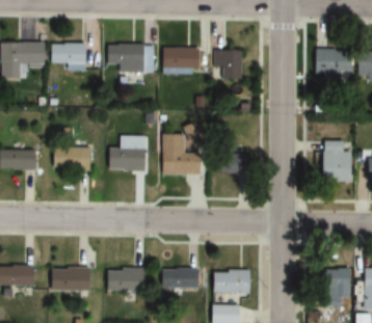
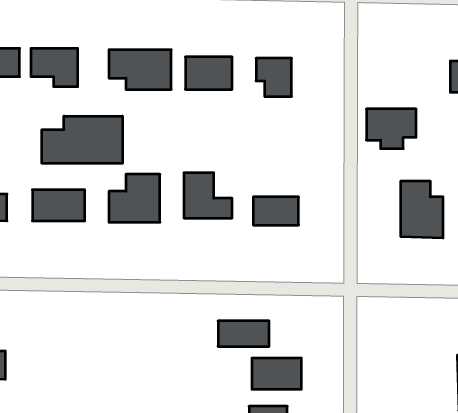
building: [316,50,352,79] -> [366,109,416,149]
building: none -> [42,116,122,163]
building: [51,267,88,291] -> none
building: [107,267,144,291] -> none
building: [162,269,200,288] -> [218,321,269,346]
building: [321,269,351,305] -> none

